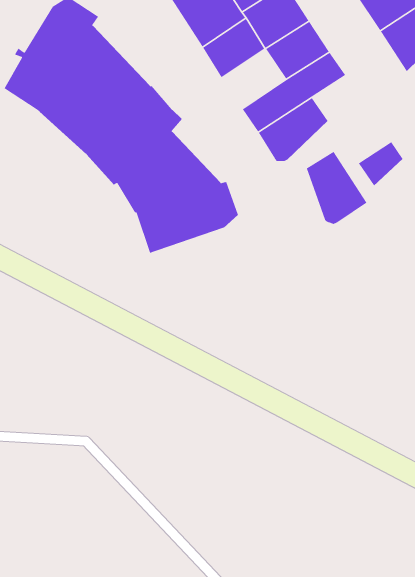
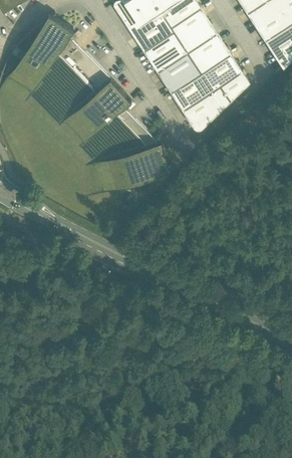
building: none -> [157,51,201,92]
building: [358,141,403,187] -> [219,69,250,100]
building: [306,151,367,225] -> none

